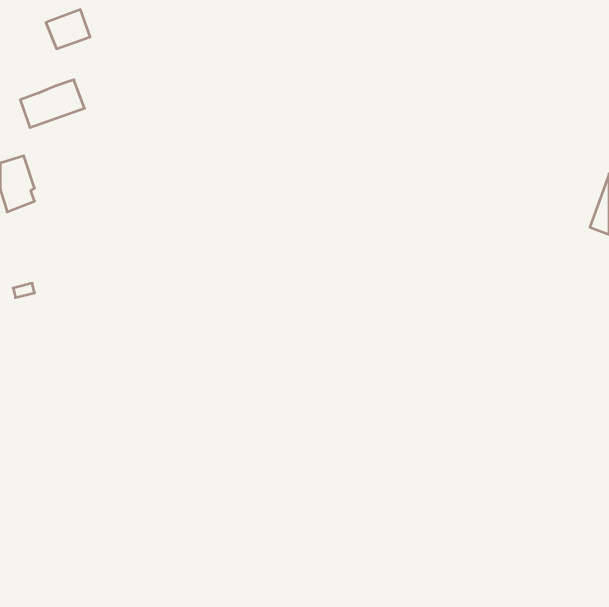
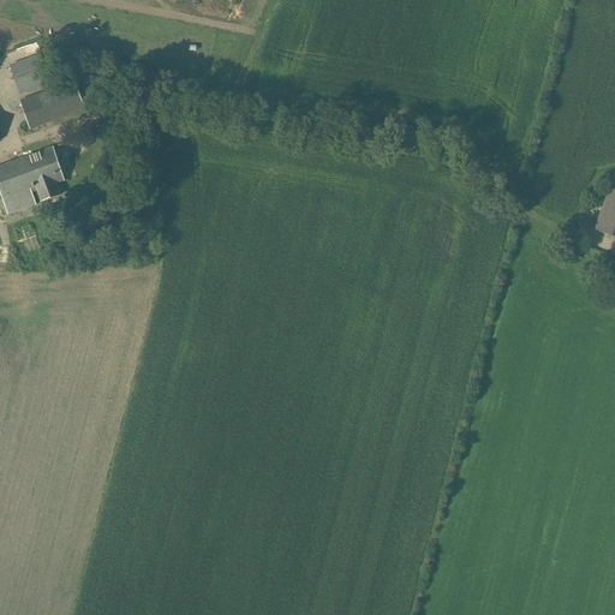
building: [46,10,90,49] -> [10,53,54,92]
building: none -> [24,147,64,201]

